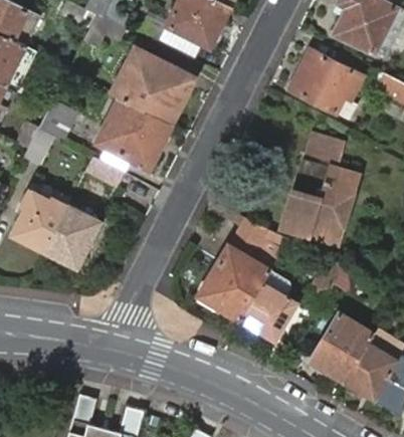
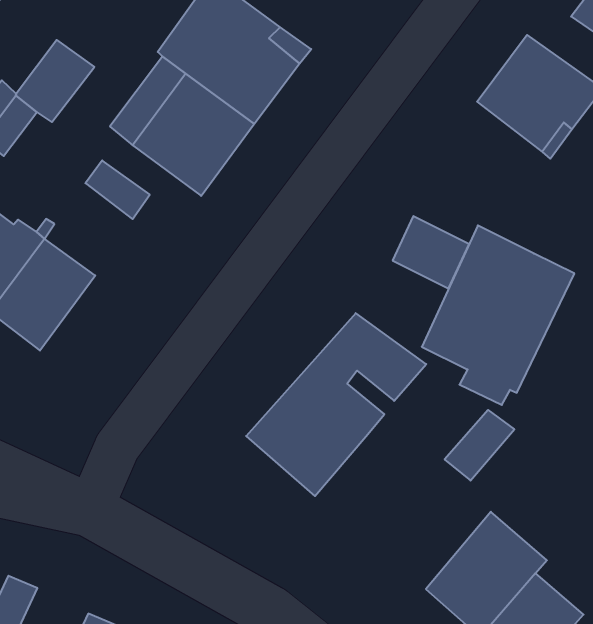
building: [302,132,343,168] -> [393,216,469,289]
building: [239,283,294,340] -> none

